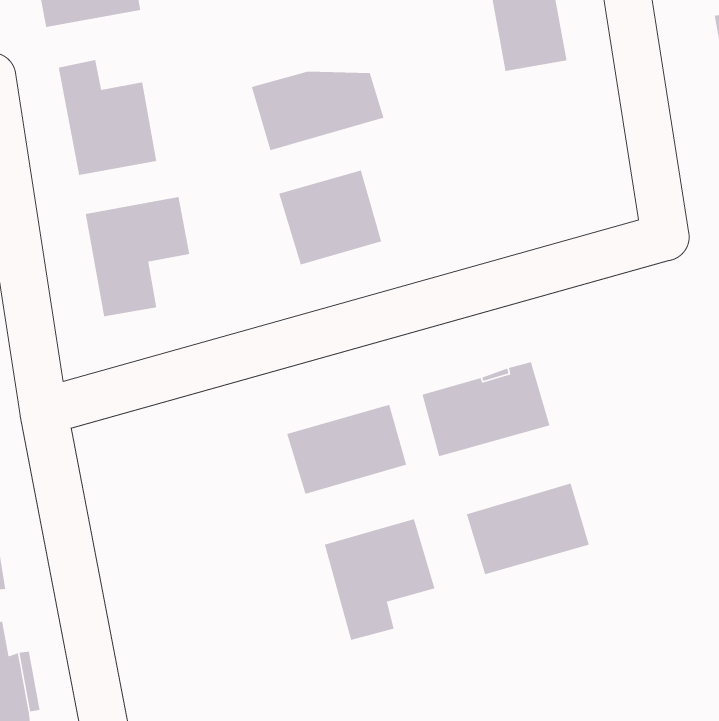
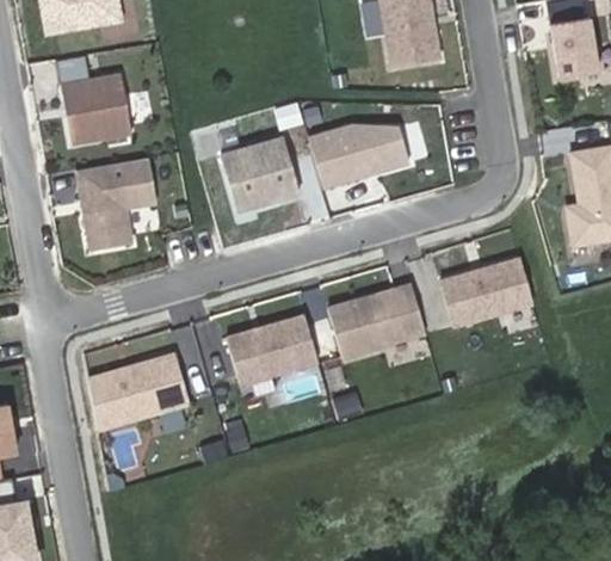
building: [251,71,385,151] -> [308,127,409,187]
building: none -> [88,357,189,432]
building: [466,482,590,575] -> [442,258,536,328]
building: [324,518,435,641] -> none

